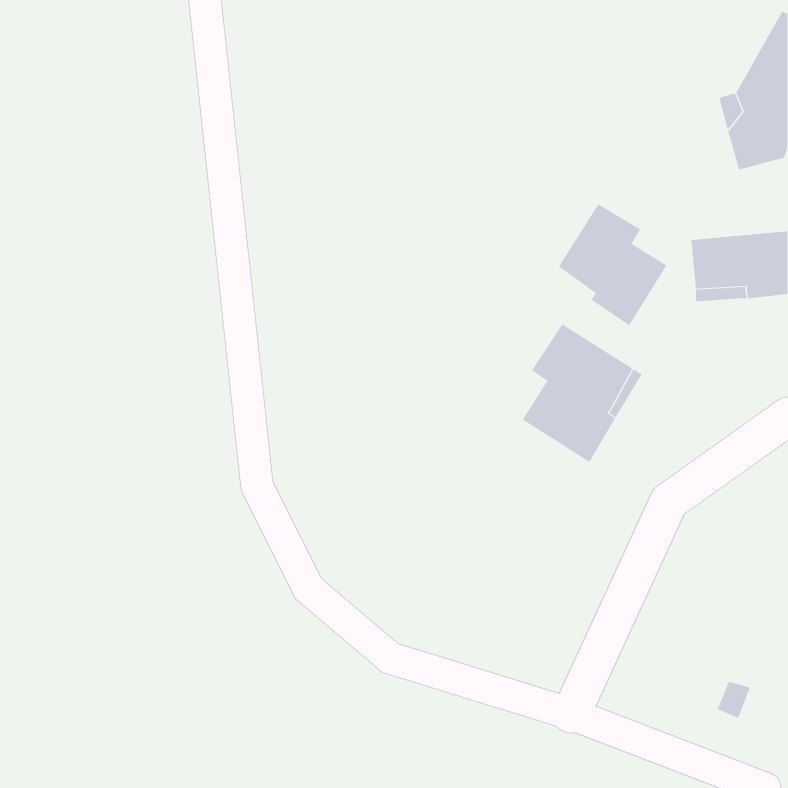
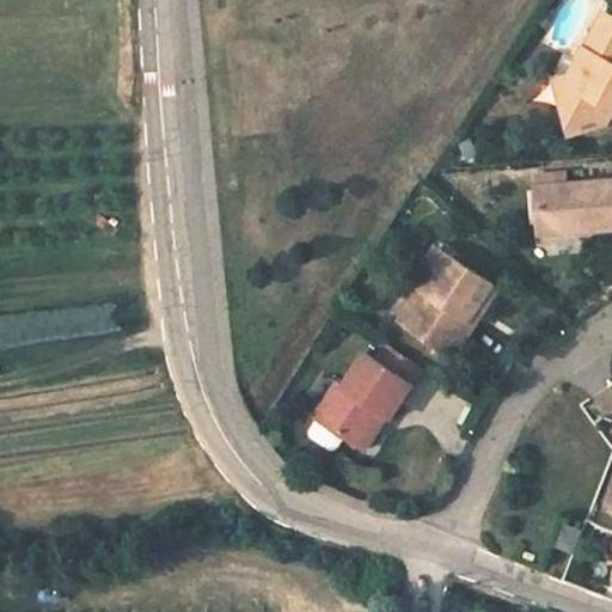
building: [558,203,667,326] -> none
building: none -> [312,357,411,453]

